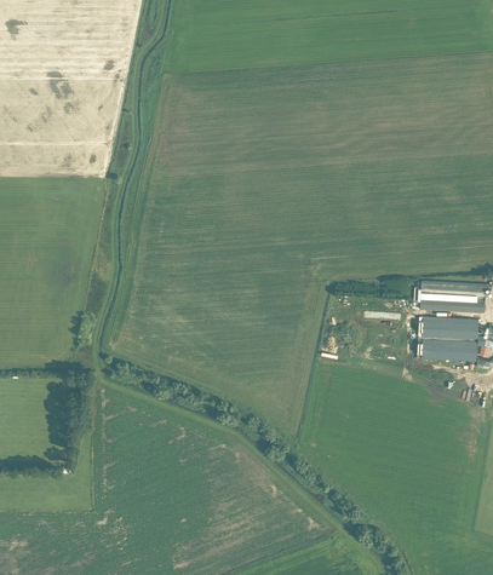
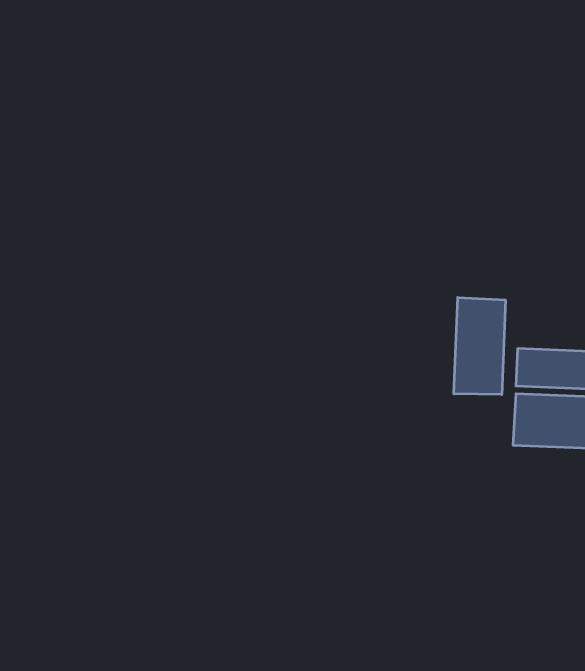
building: none -> [454,297,505,395]

